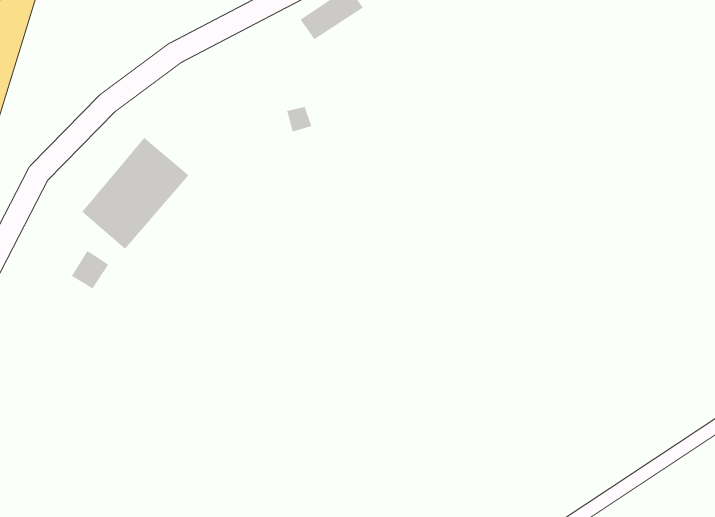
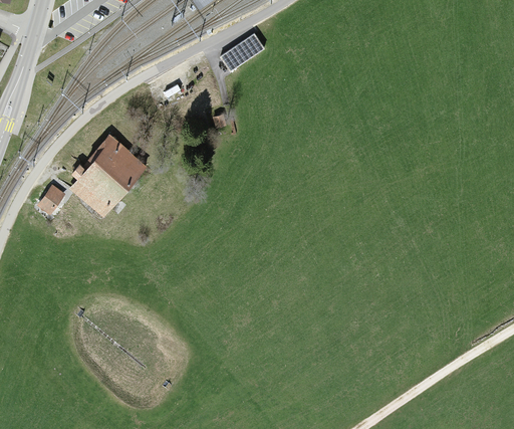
building: [71,250,109,289] -> [38,183,64,210]

